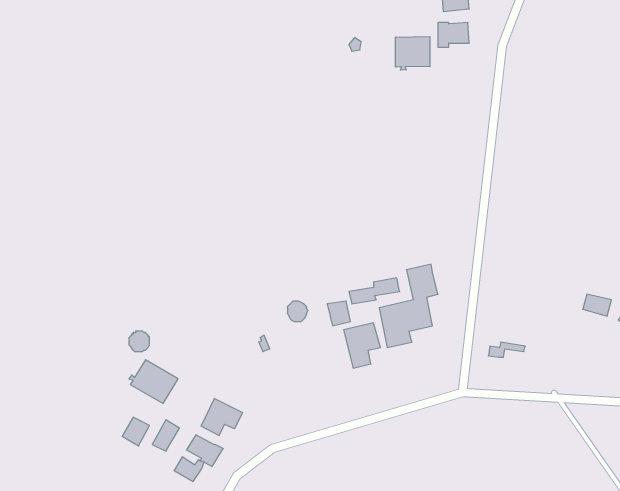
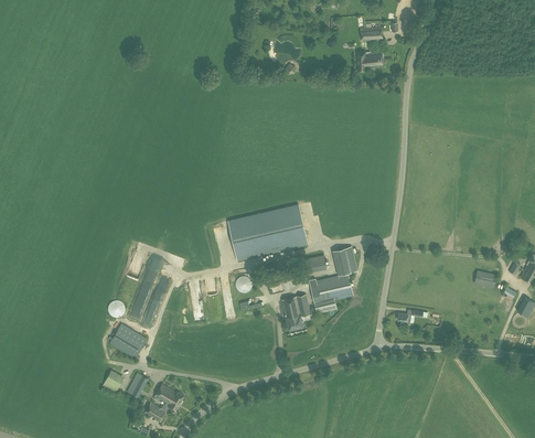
building: [396,37,430,70] -> none
building: none -> [227,205,307,259]
building: [201,398,242,436] -> none

